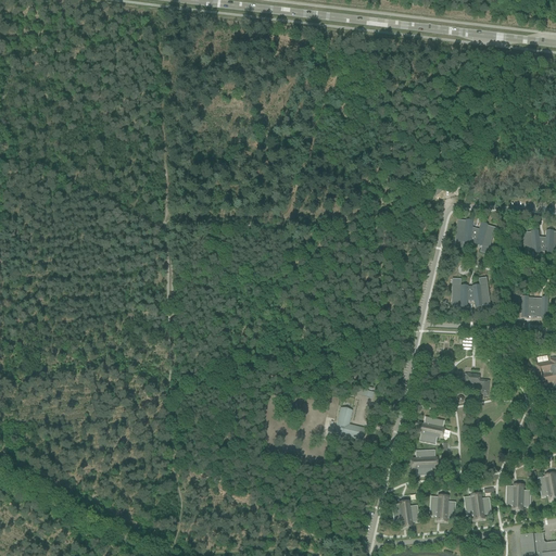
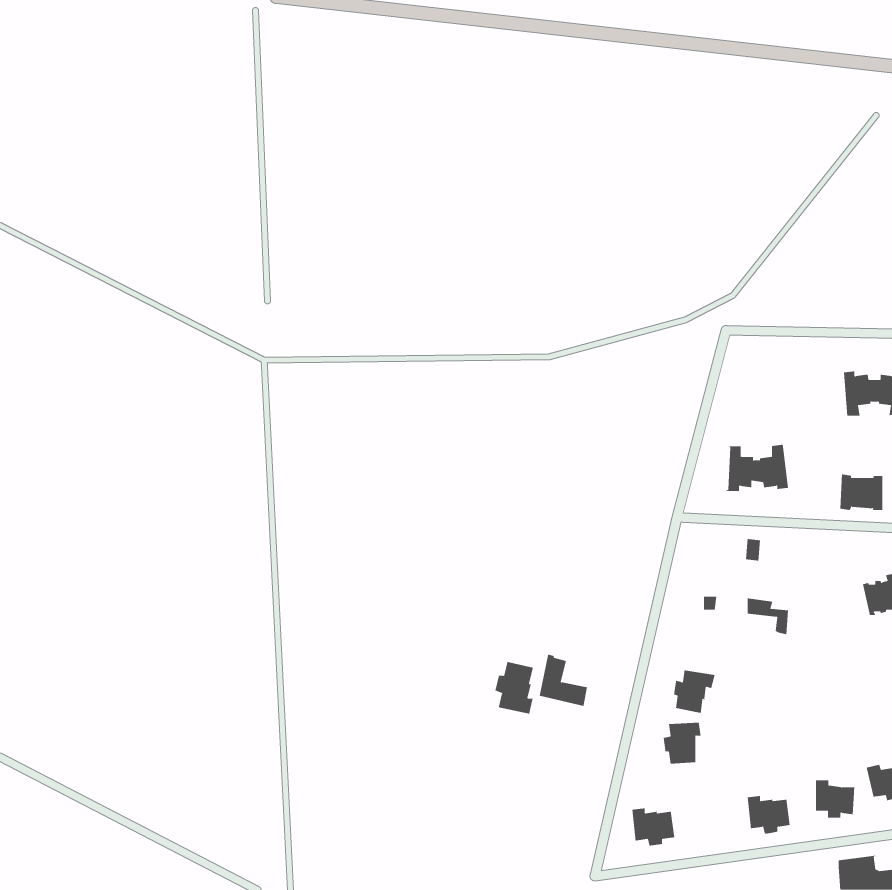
building: [455,218,497,253] -> none
building: none -> [495,661,533,714]
building: [430,495,456,520] -> none

